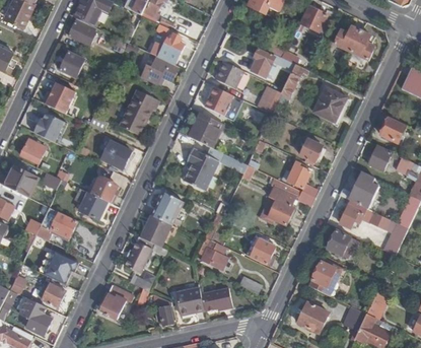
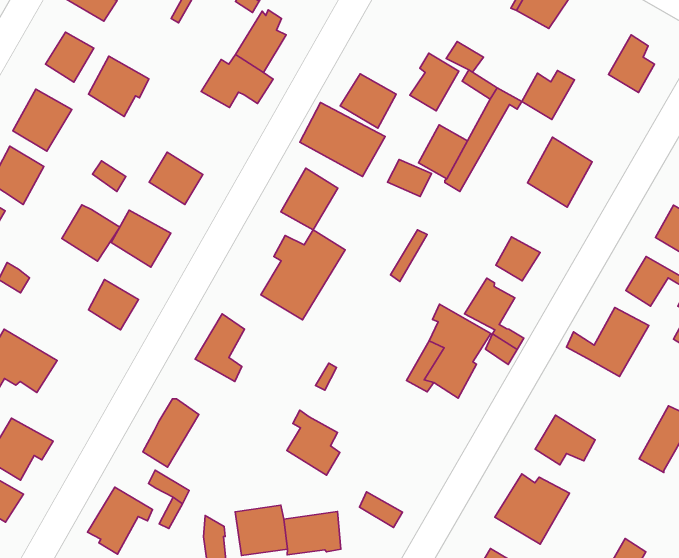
building: [334,27,360,53] -> [522,71,575,119]
building: [126,89,156,120] -> [88,56,149,117]
building: [77,192,107,220] -> [62,205,120,261]
building: [339,200,394,237] -> none
building: [140,216,170,247] -> none
building: [249,238,274,265] -> none

